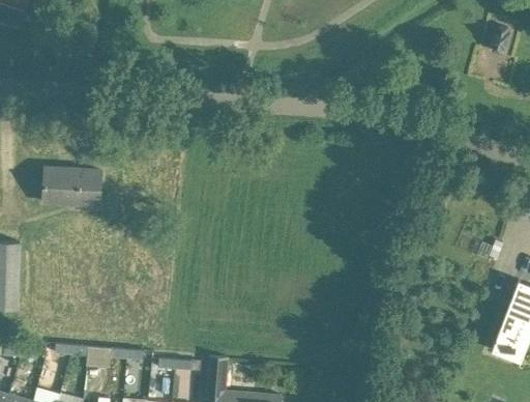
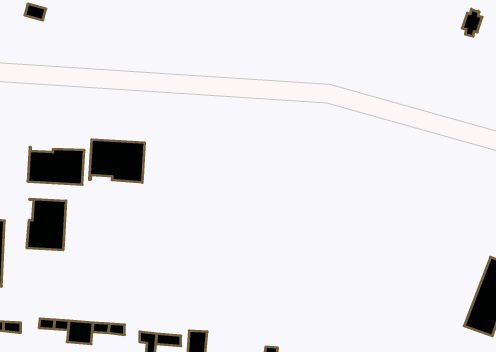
building: none -> [89,140,144,183]
building: none -> [27,199,66,250]

